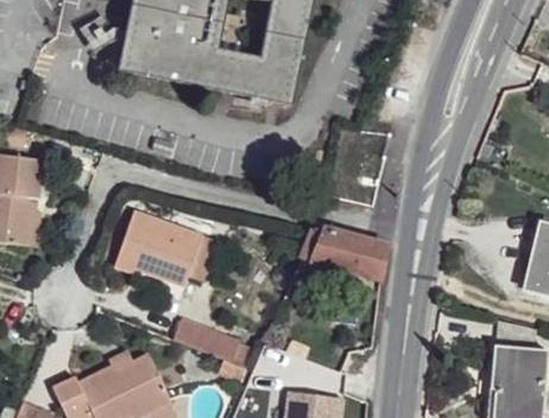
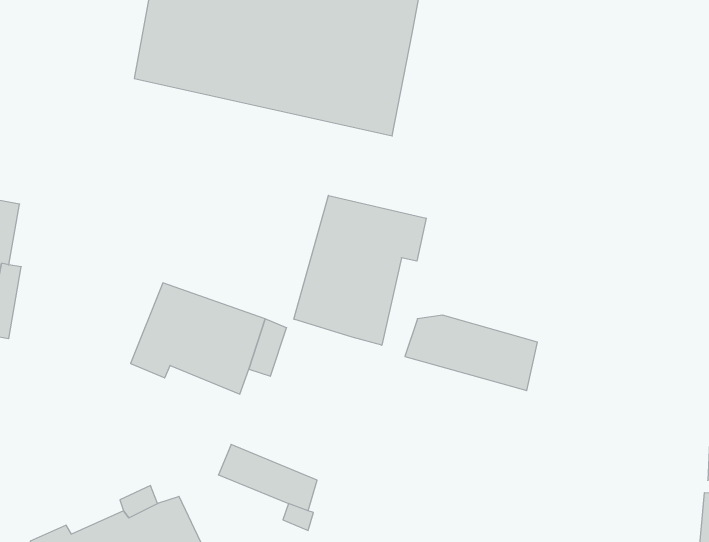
building: none -> [294,195,426,345]

